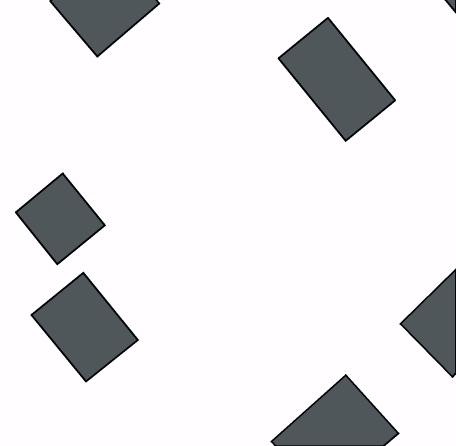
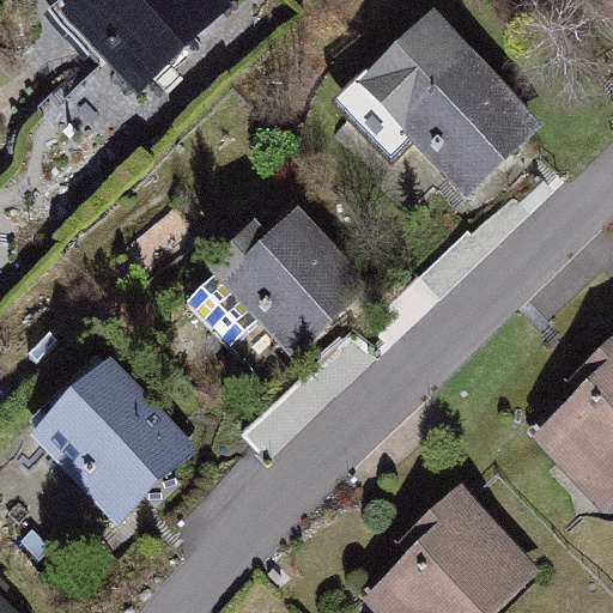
building: none -> [224,208,371,354]
building: [16,173,105,264] -> none

